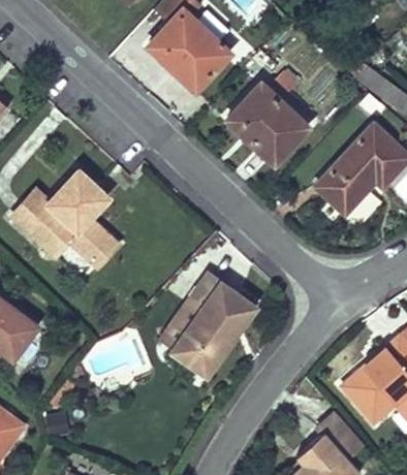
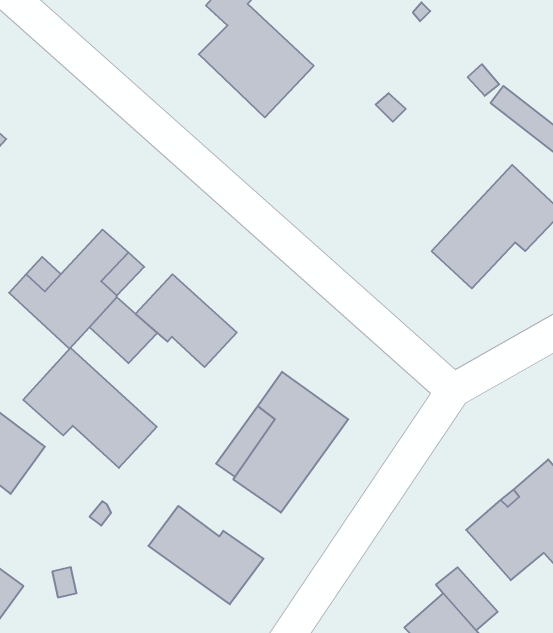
building: [227,82,310,163] -> none
building: none -> [136,274,237,367]
building: none -> [23,348,157,468]
building: none -> [148,506,264,604]

